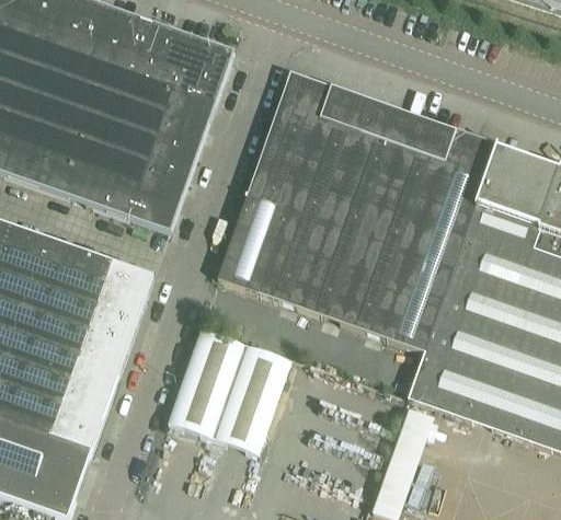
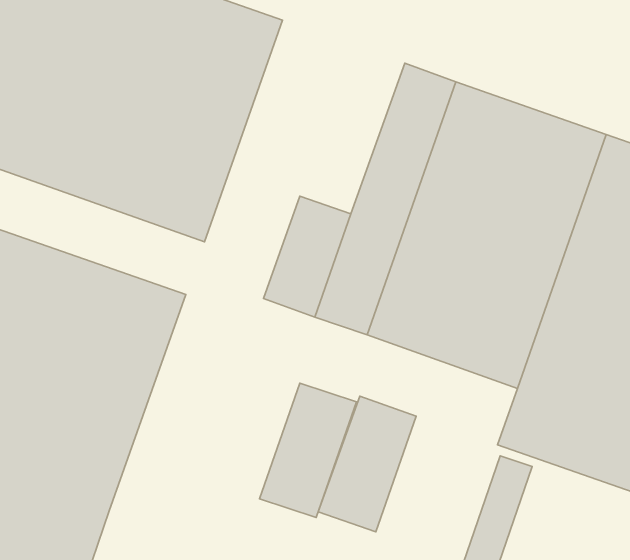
building: [248,70,333,208] -> none
building: [168,330,248,440] -> [318,396,416,532]

